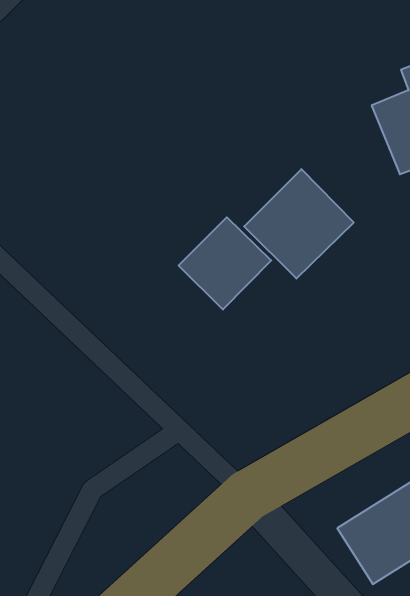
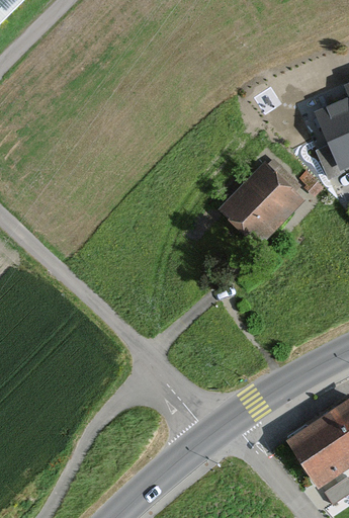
building: [179,217,271,310] -> none

